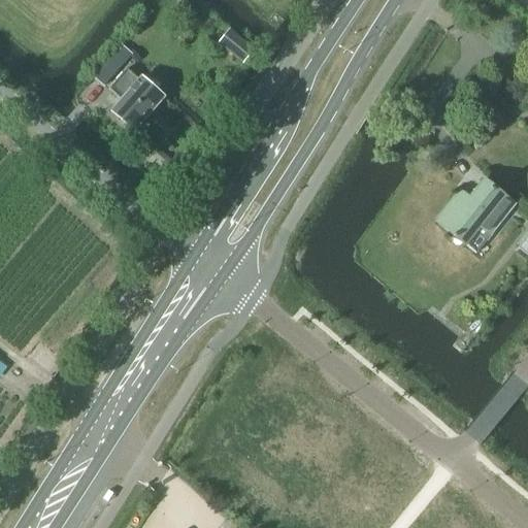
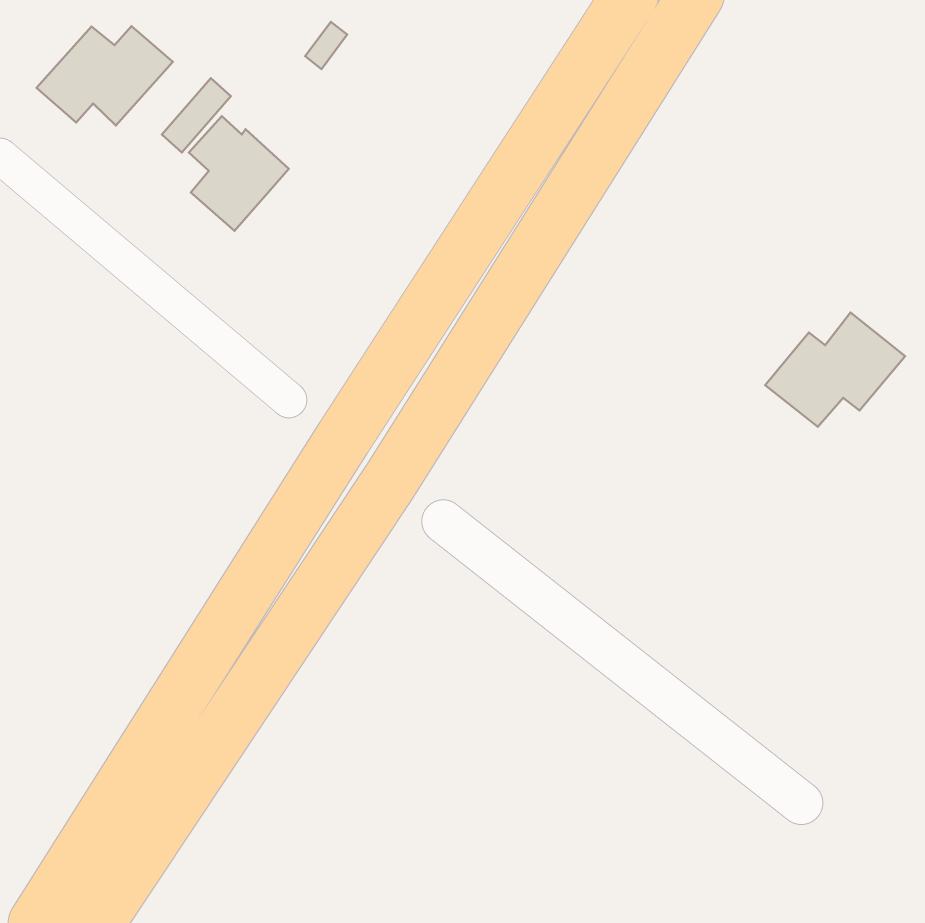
building: none -> [36,26,173,126]
building: [220,28,255,61] -> none

